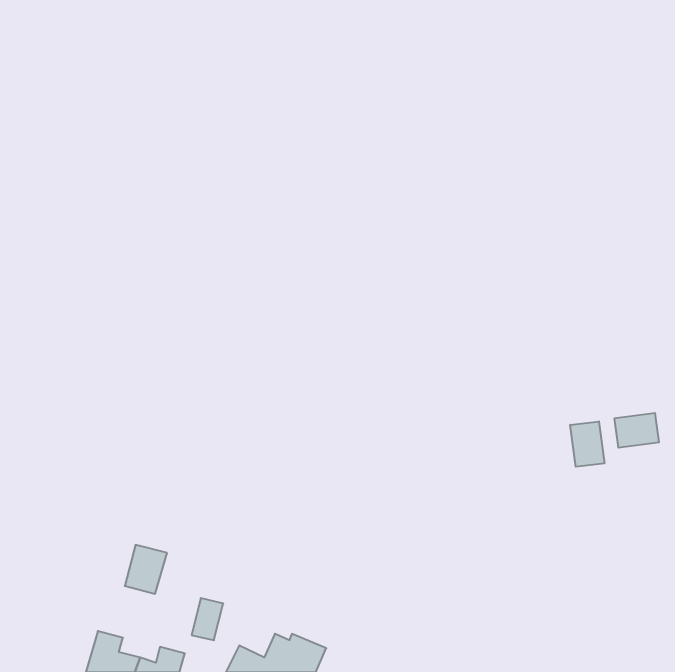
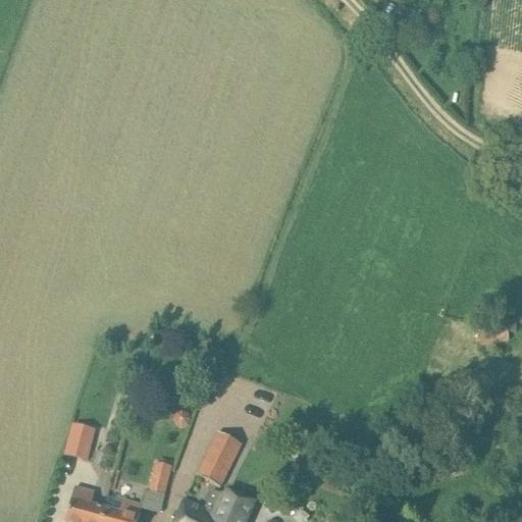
building: [570,421,604,467] -> none
building: [125,545,167,594] -> [63,423,96,461]
building: none -> [198,433,242,485]

